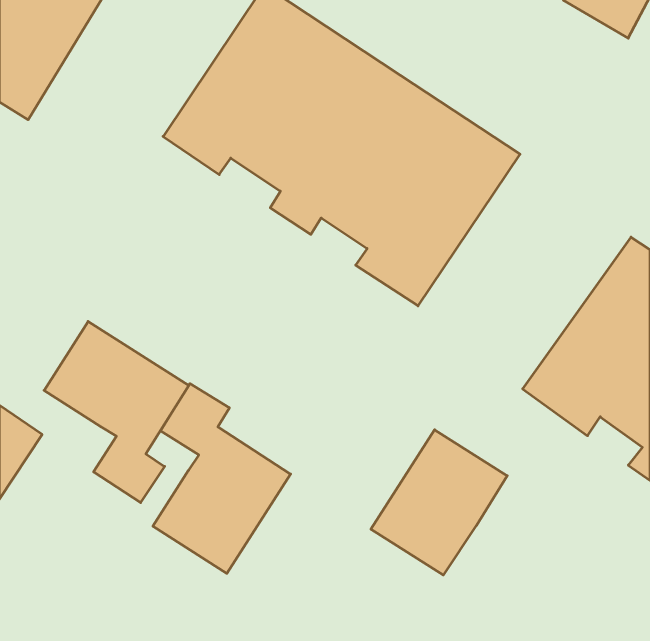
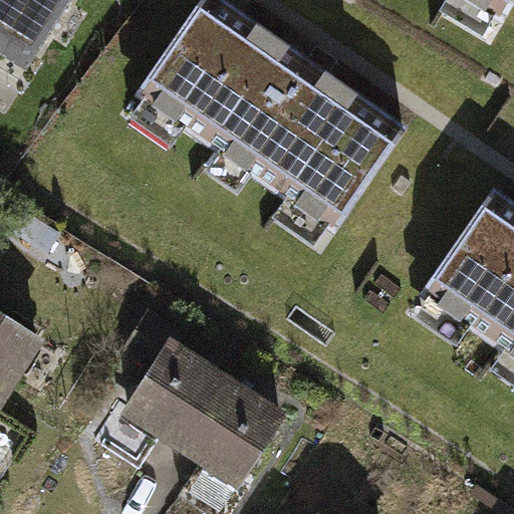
building: [44,321,189,503] -> none
building: [371,430,507,575] -> [179,373,286,488]

